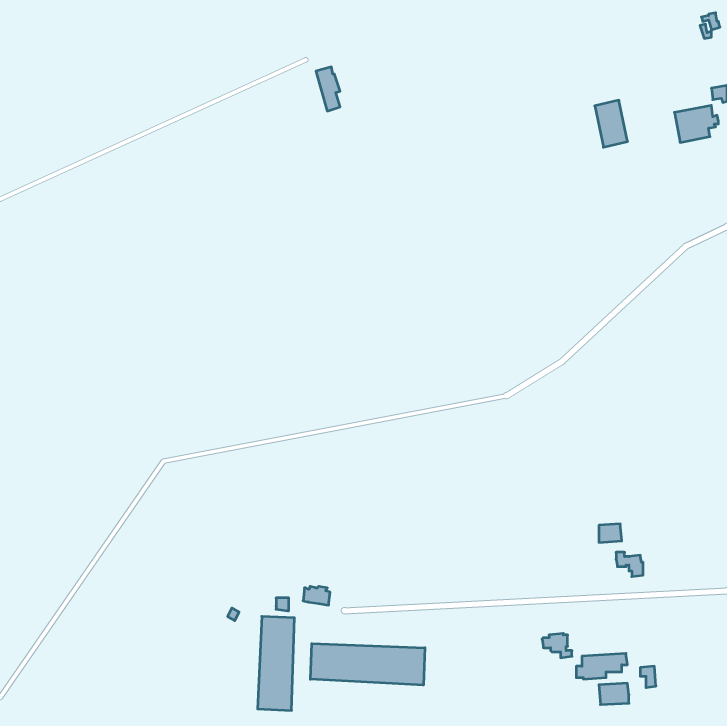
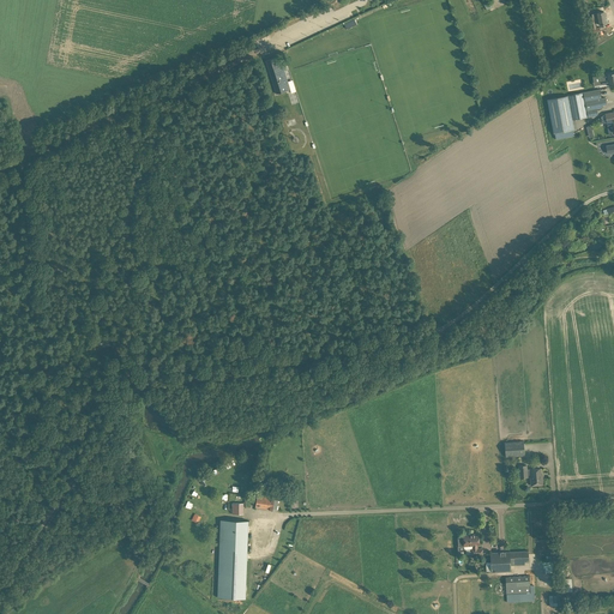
building: [595,100,628,147] -> [546,96,573,136]
building: [310,644,425,685] -> none

